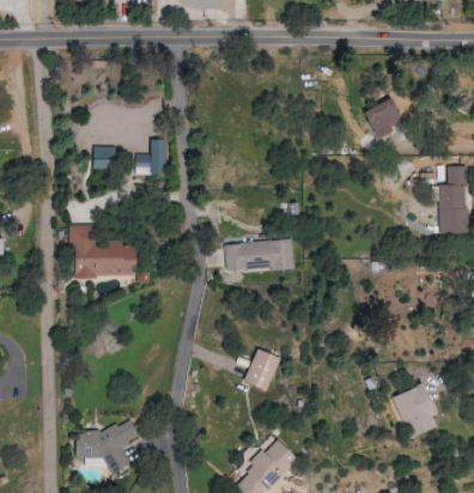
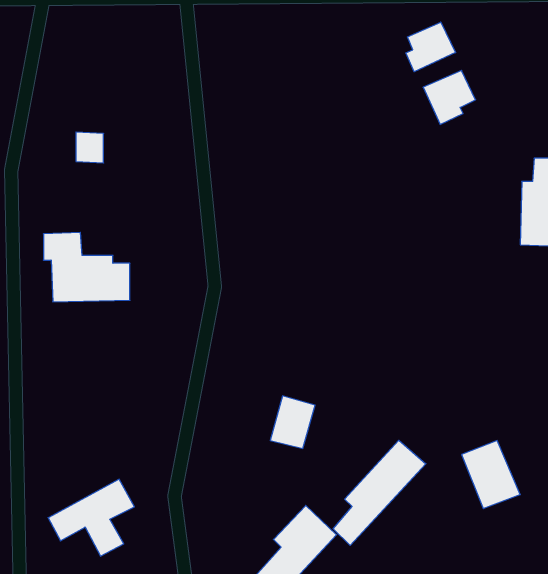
building: none -> [406,22,456,72]
building: [135,139,165,174] -> none
building: [224,237,293,273] -> none
building: none -> [333,440,426,545]

